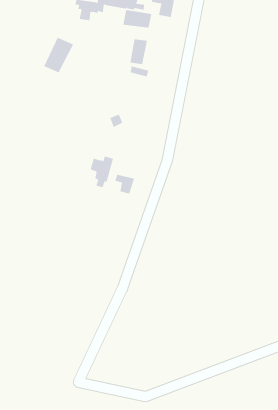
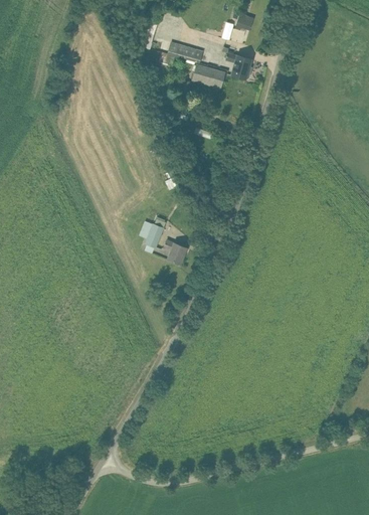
building: [43,37,74,73] -> none
building: [130,38,147,65] -> none

